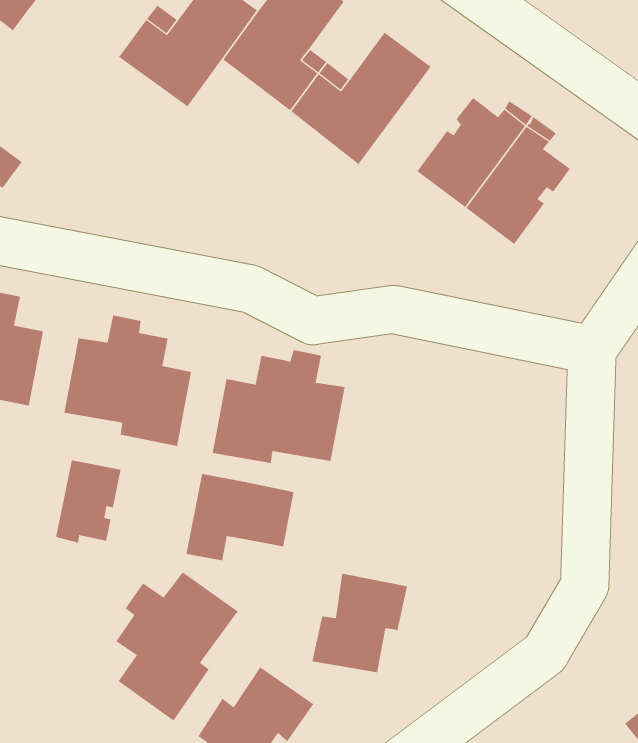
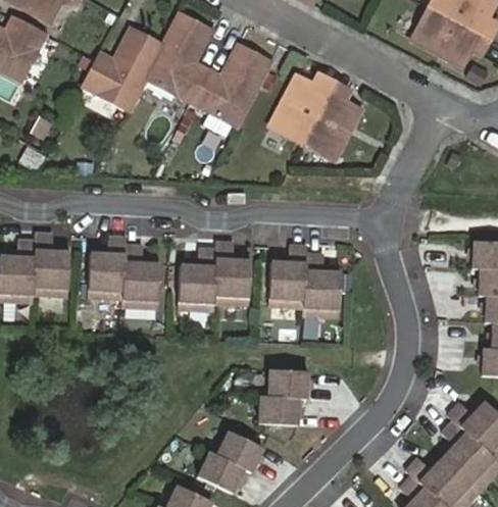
building: none -> [268,244,341,315]
building: [56,460,121,544] -> none
building: [186,473,294,561] -> none
building: [115,571,238,721] -> none

